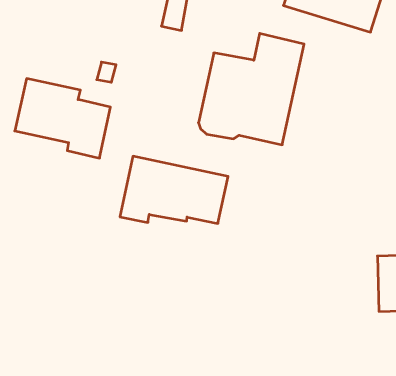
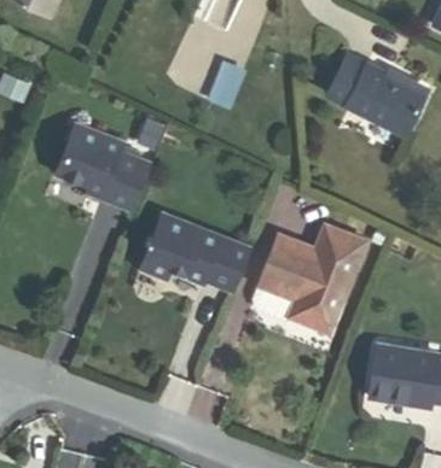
building: [198,33,304,145] -> [253,224,364,332]

